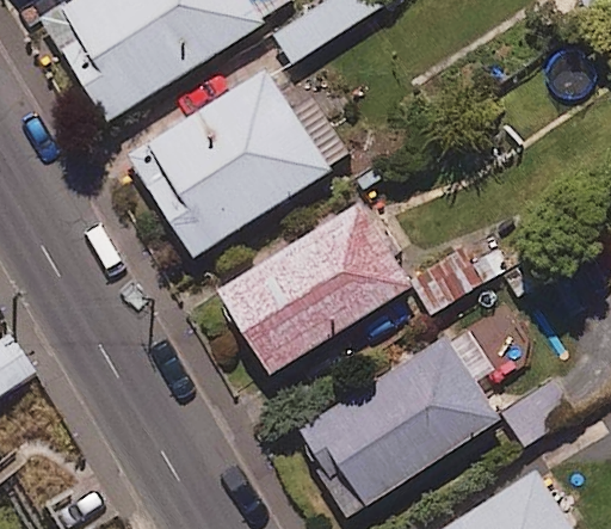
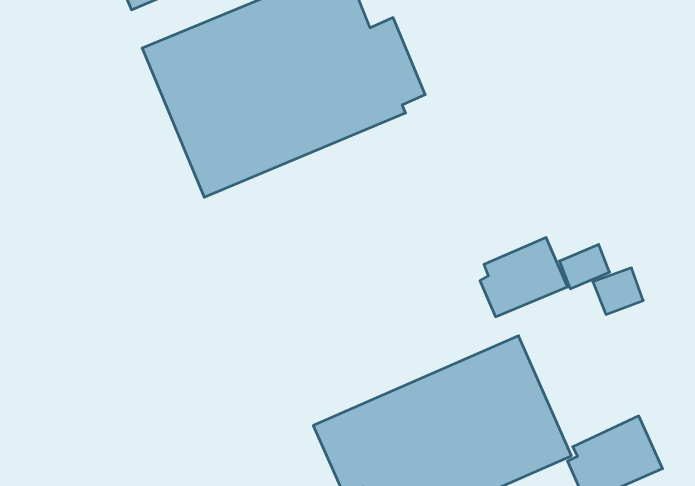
building: [216,203,412,376] -> none

